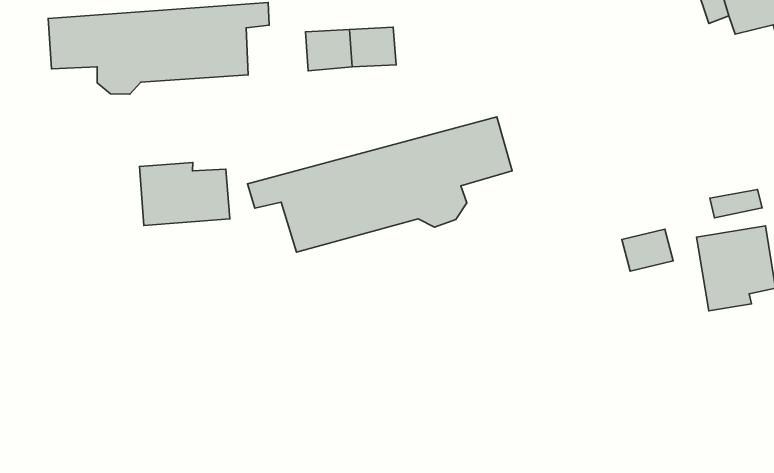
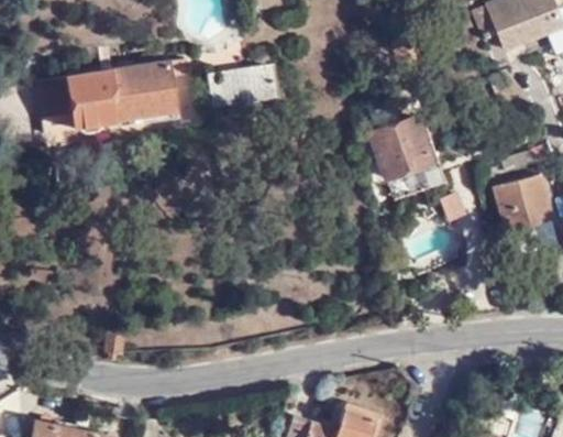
building: [248,117,512,252] -> none
building: none -> [369,118,433,189]
building: [140,163,230,225] -> none

